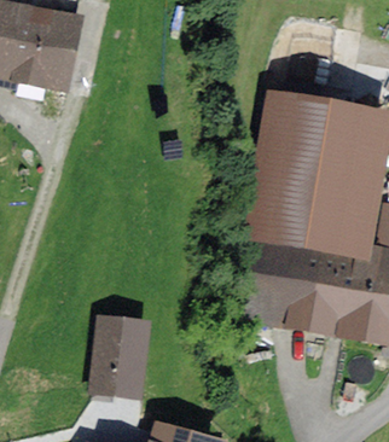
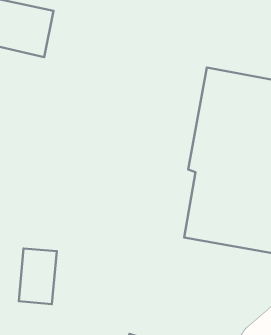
building: [94,318,143,389] -> [19,248,57,304]

